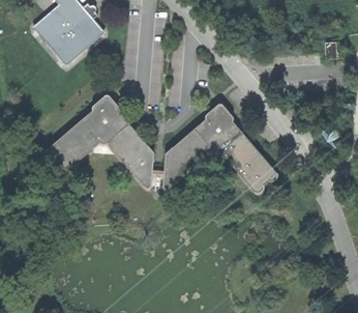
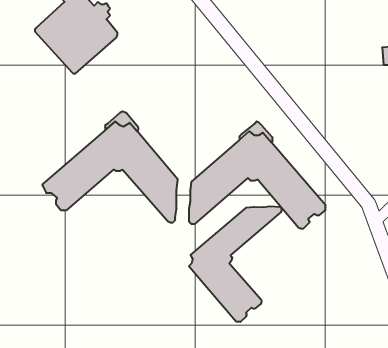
building: none -> [189,206,282,322]

